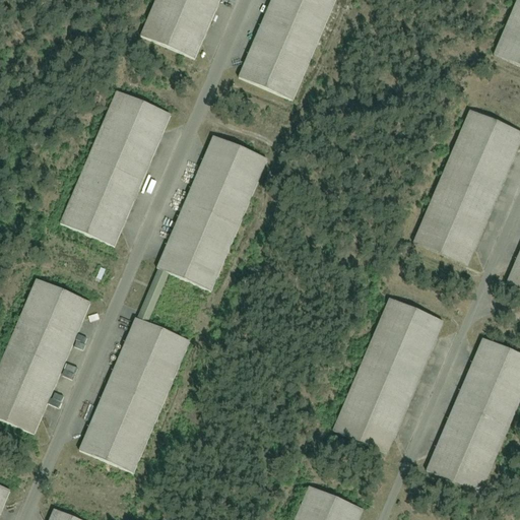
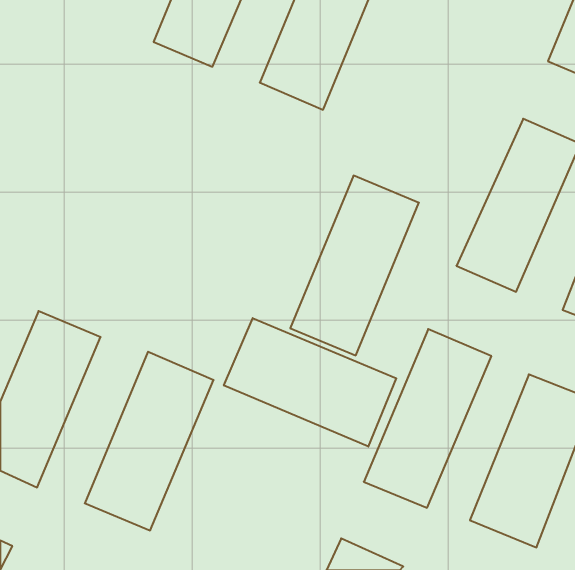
building: [62,87,173,241] -> none
building: [155,131,271,292] -> [290,176,419,355]
building: none -> [224,318,396,447]

